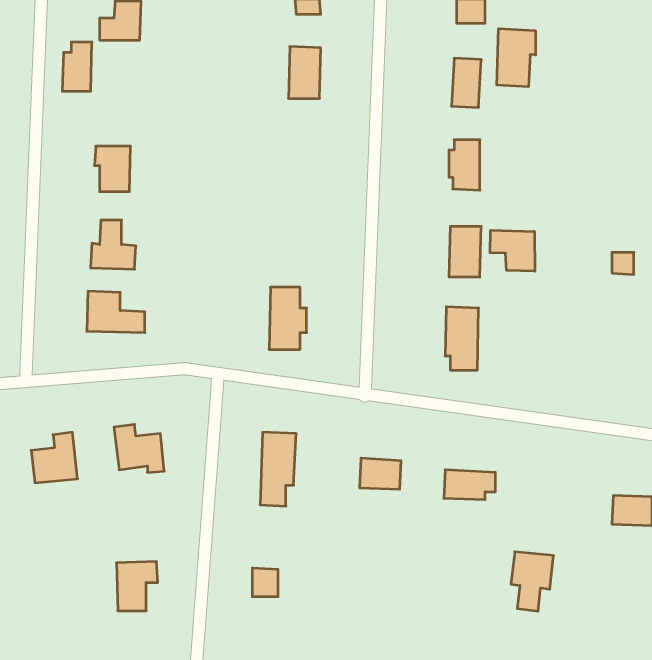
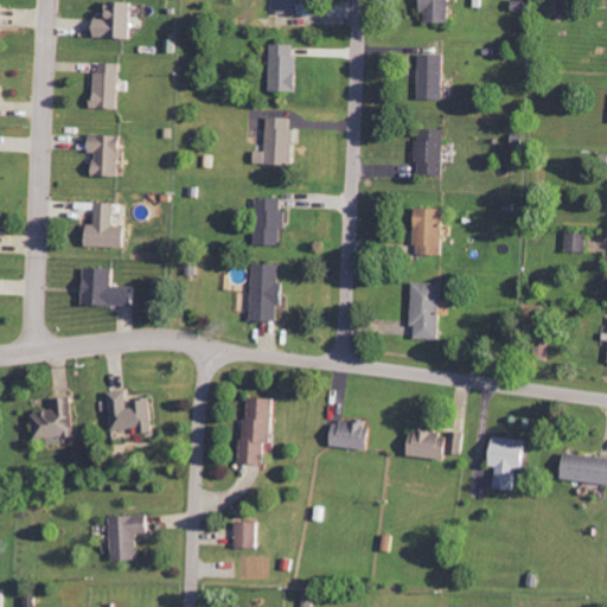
building: [497,29,536,87] -> none
building: [62,42,92,91] -> [90,62,117,107]
building: none -> [251,116,290,164]
building: none -> [251,197,283,244]
building: [490,230,535,271] -> none
building: [511,552,554,611] -> [486,435,525,490]

